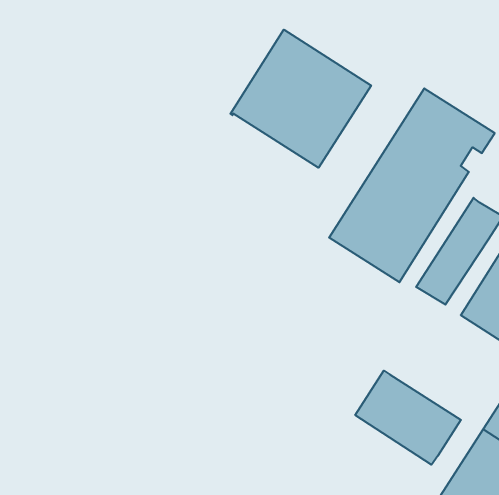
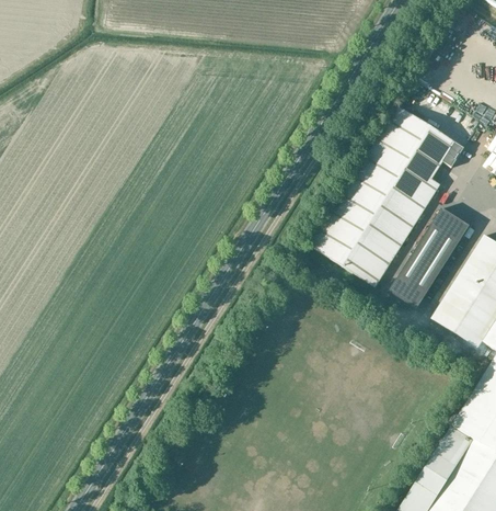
building: [230,30,371,168] -> none
building: [355,371,461,465] -> none

